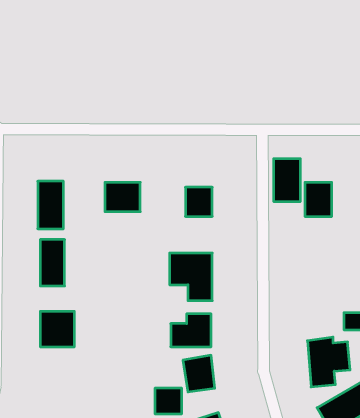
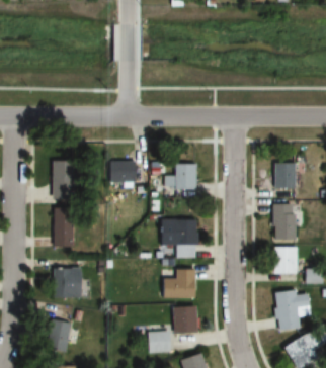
building: [274,159,300,201] -> [273,203,296,239]
building: none -> [273,246,297,274]
building: none -> [48,319,74,352]

